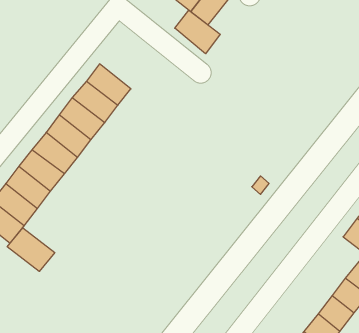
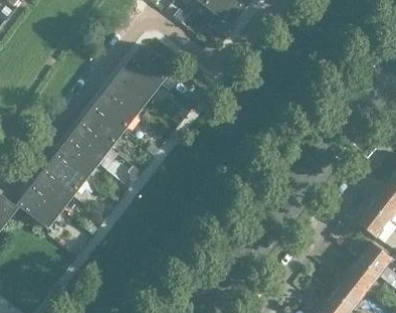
building: [175,10,220,54] -> none
building: none -> [130,44,172,84]
building: [7,228,55,271] -> none

